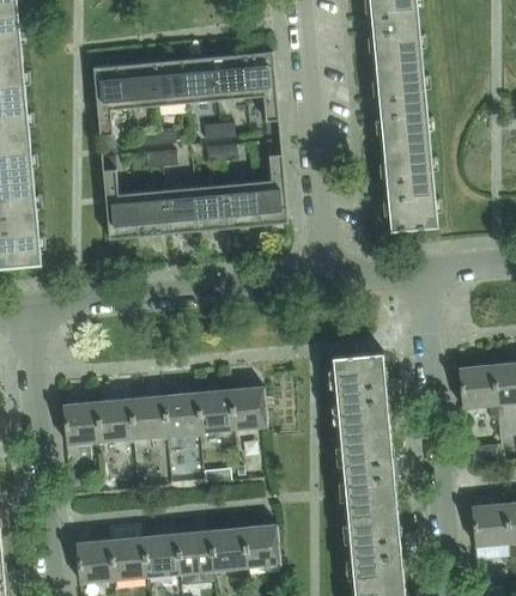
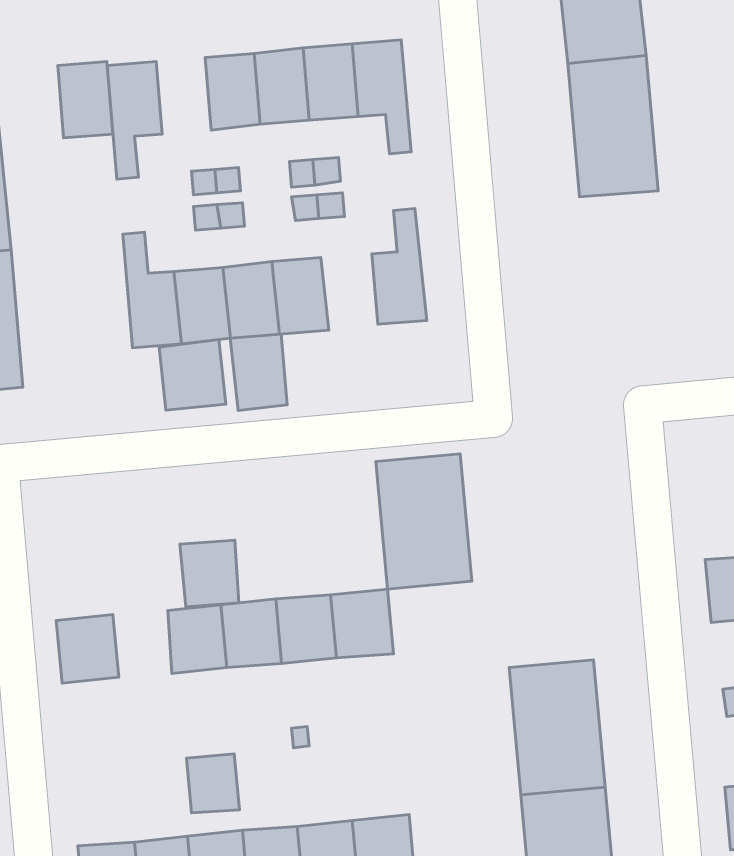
building: [122,62,156,109] -> [58,61,113,138]
building: [381,144,437,231] -> none
building: [223,182,257,229] -> [230,334,287,411]
building: none -> [159,339,226,410]
building: [330,352,389,434] -> [376,454,472,589]
building: [96,400,132,440] -> [180,540,239,607]
building: none -> [187,754,239,813]

